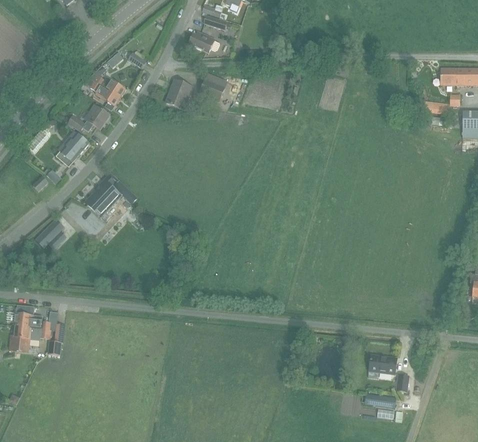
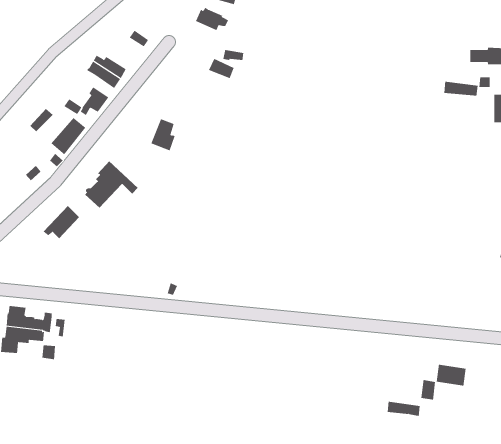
building: [165,79,188,109] -> [151,118,176,151]
building: [368,354,396,374] -> [436,364,466,386]

